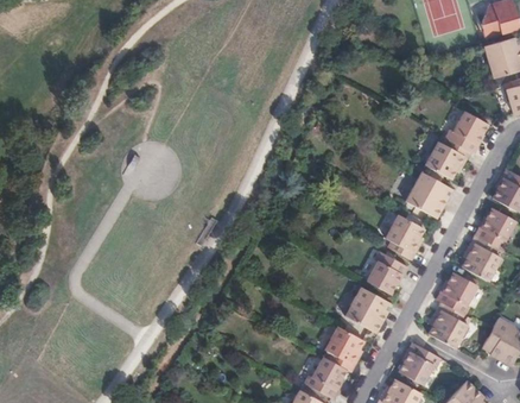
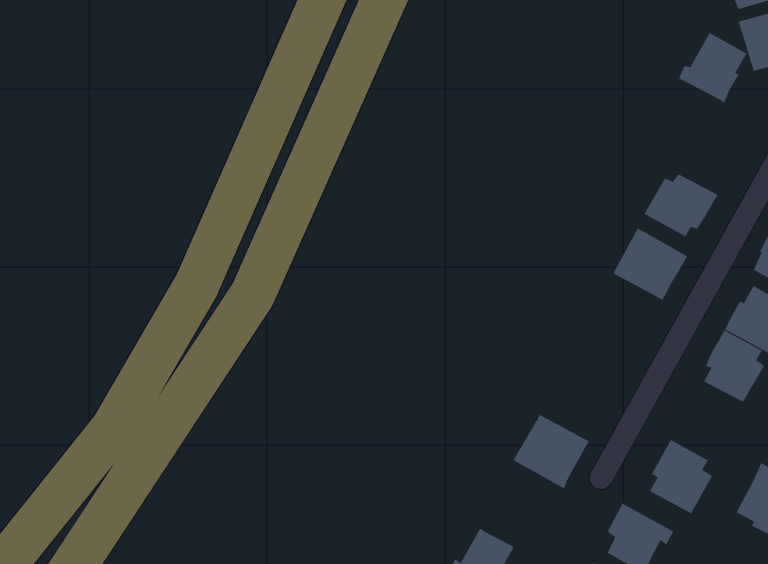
building: [445,109,488,153] -> [678,32,748,103]
building: [385,215,424,260] -> none
building: [366,251,407,294] -> none
building: [433,271,474,314] -> none
building: [324,326,363,371] -> none

